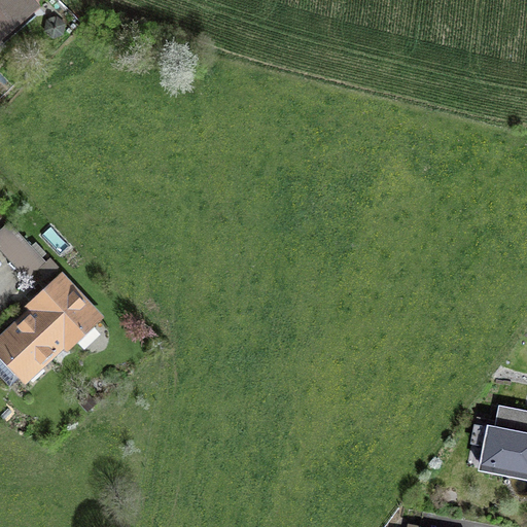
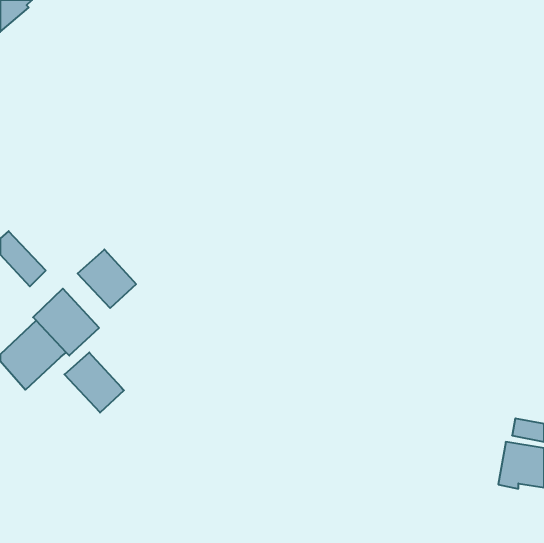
building: none -> [78,249,136,308]
building: none -> [64,352,124,413]

